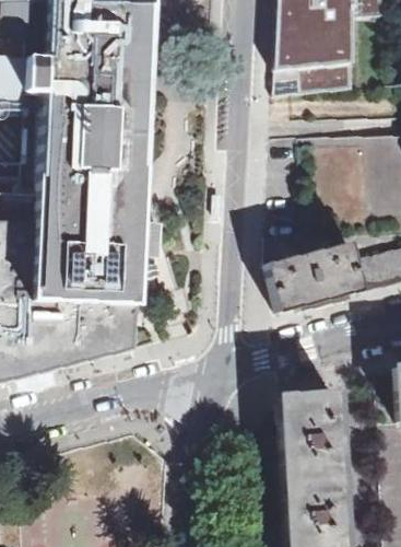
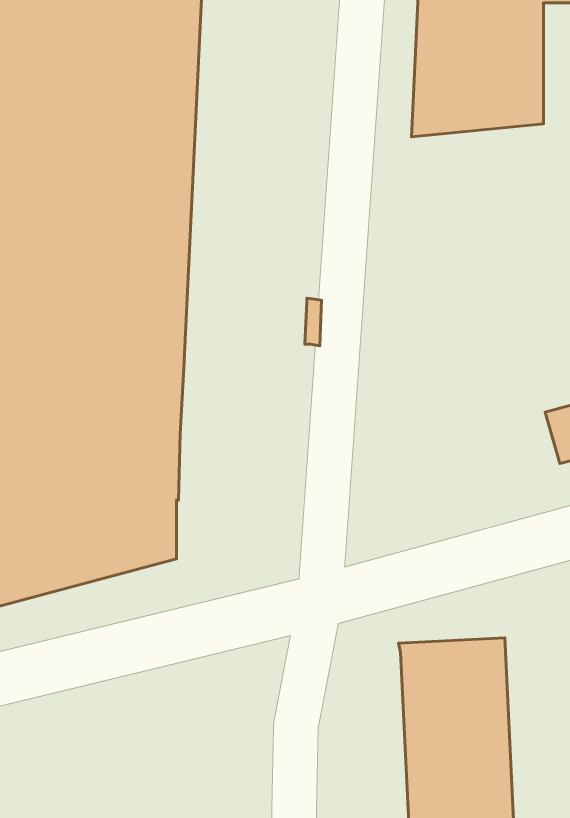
building: [269,240,366,309] -> none

